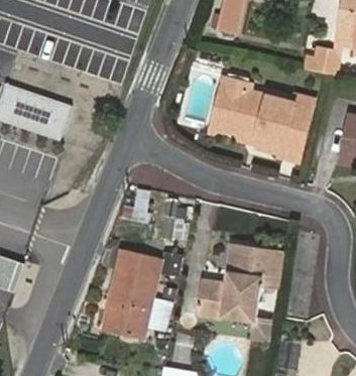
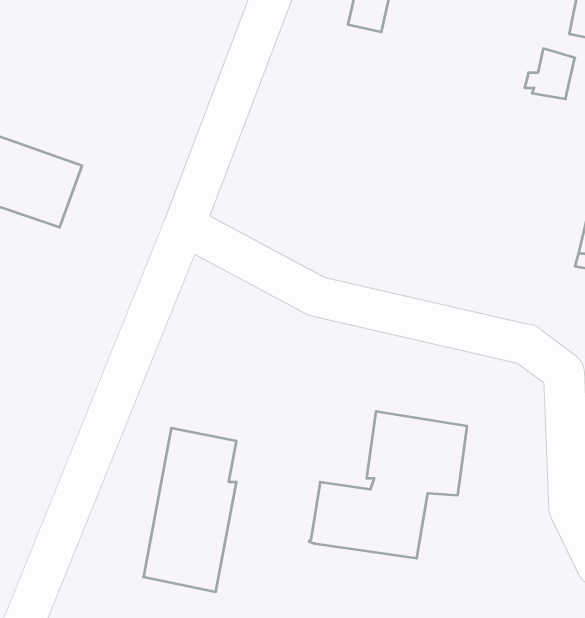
building: [214,88,314,159] -> none

